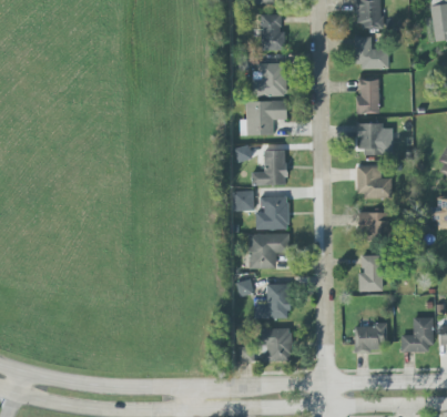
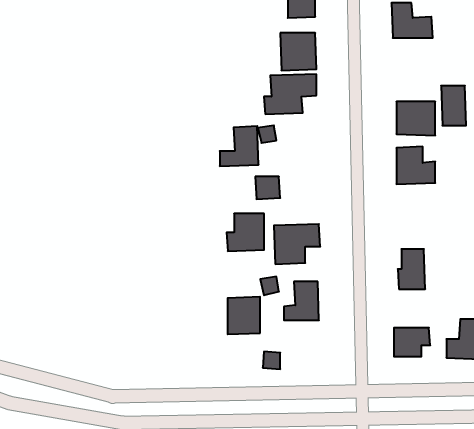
building: [357,78,379,113] -> [441,86,466,126]
building: [252,150,286,185] -> [220,126,259,166]
building: [255,196,288,230] -> [227,214,264,251]
building: [358,212,389,240] -> none
building: [262,328,291,362] -> [228,297,260,334]

